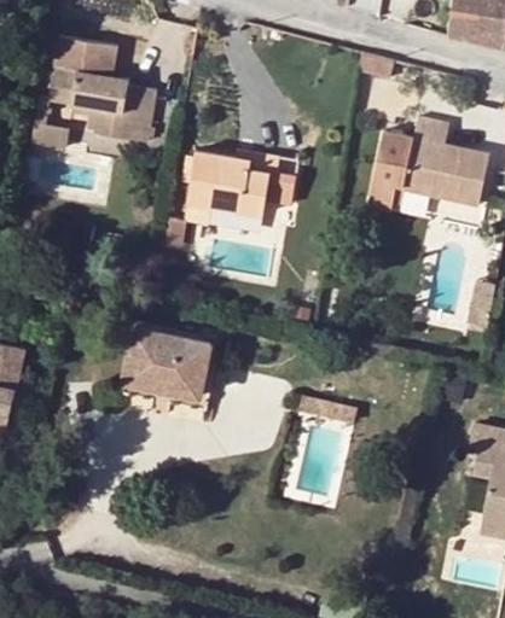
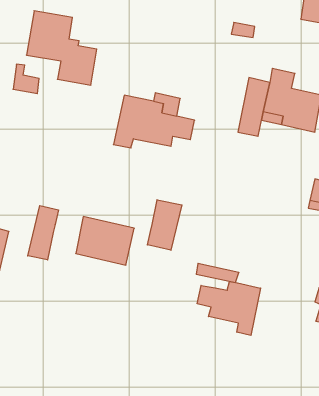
building: none -> [147,200,182,250]
building: none -> [28,206,58,260]
building: none -> [197,282,261,335]

